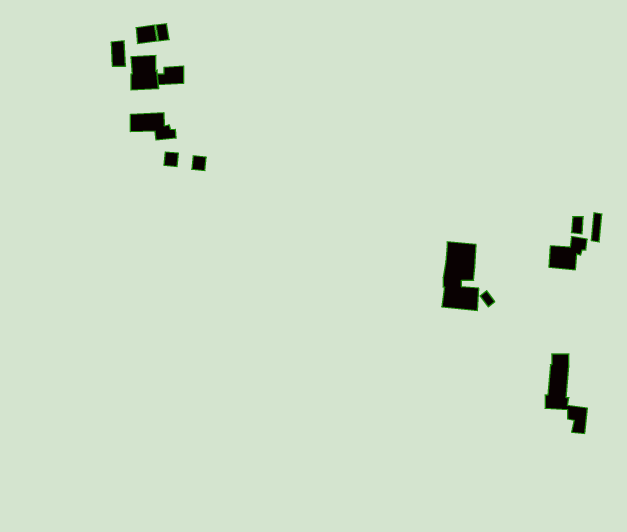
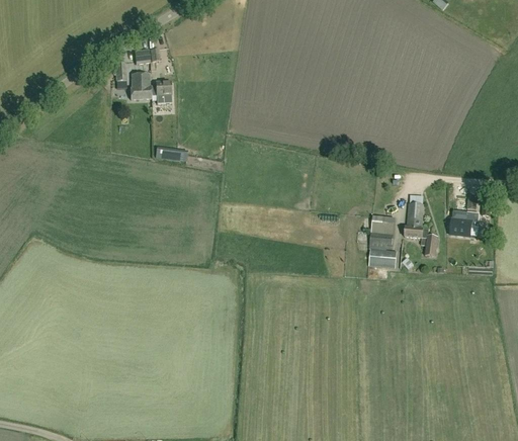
building: [130,113,176,140] -> none
building: [545,354,587,433] -> [405,195,437,256]

